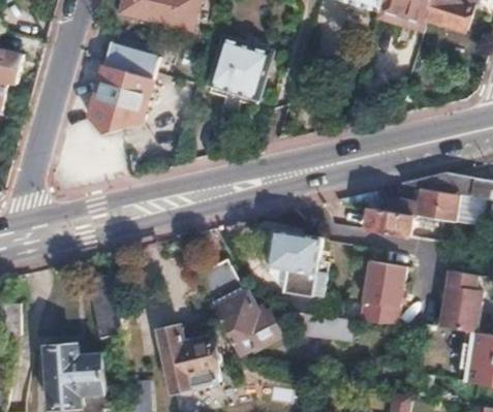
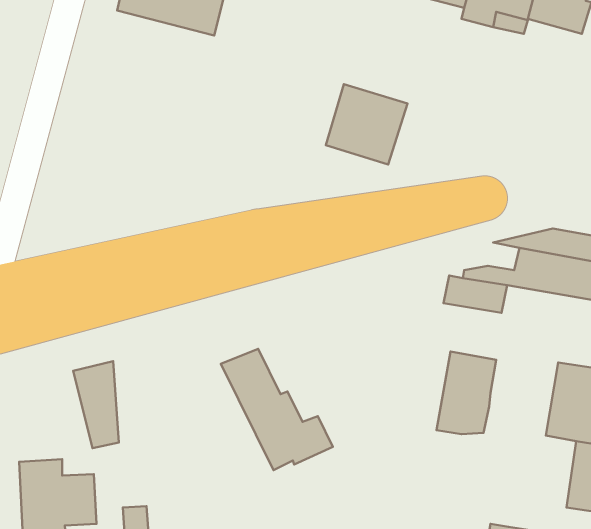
building: [210,37,271,97] -> [326,84,408,164]
building: [90,42,159,133] -> none
building: [268,231,326,298] -> none
building: [157,328,218,391] -> none

